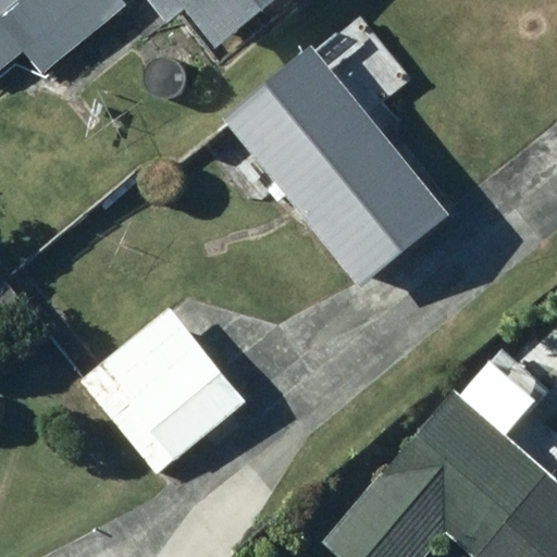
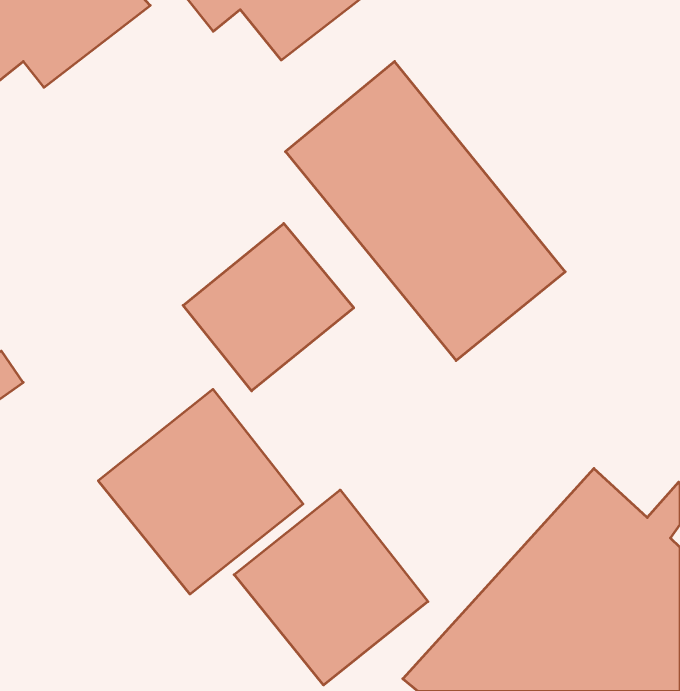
building: none -> [183,223,354,391]
building: none -> [234,490,428,685]

